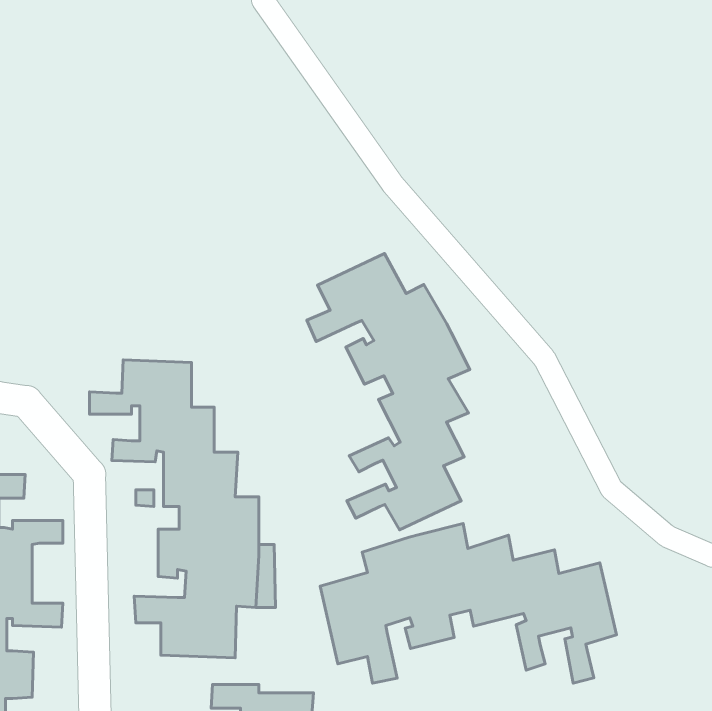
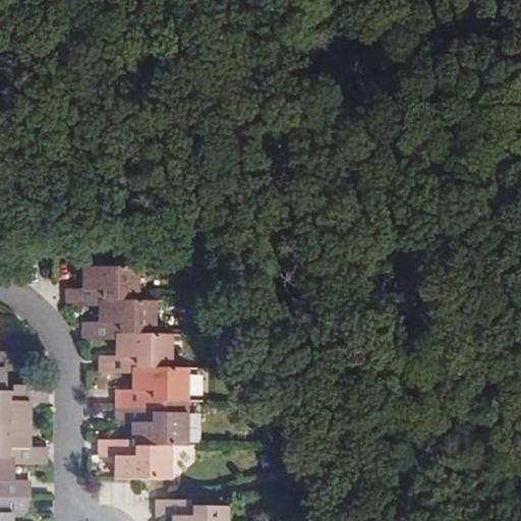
building: [307,254,470,530] -> none
building: [320,523,616,683] -> none

